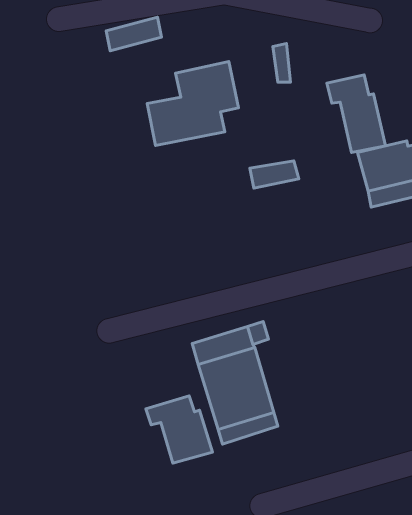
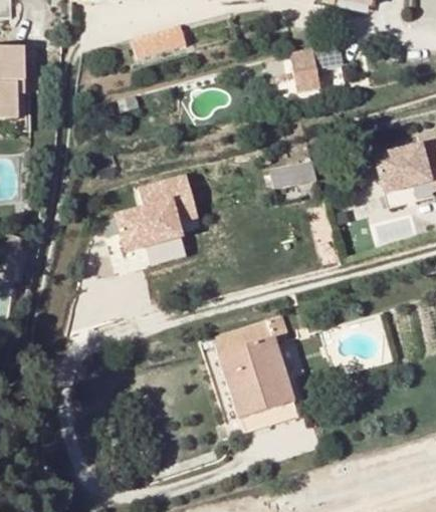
building: [147,62,238,145] -> [113,171,200,251]
building: [327,75,386,152] -> none
building: [146,396,213,463] -> none

